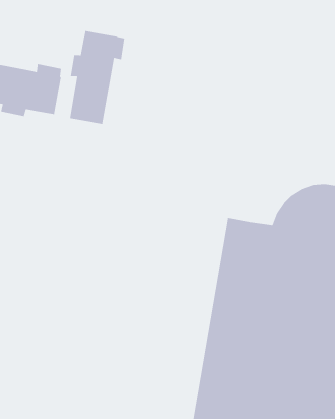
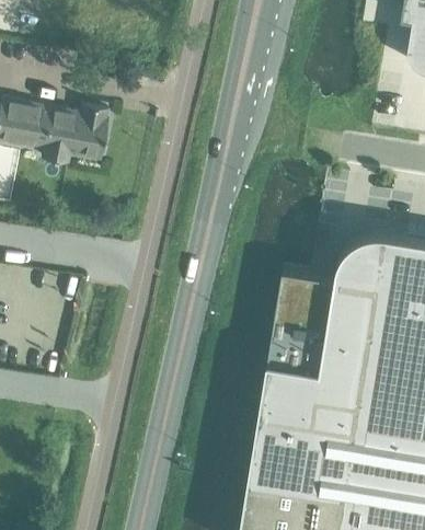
building: [69,30,125,125] -> none

